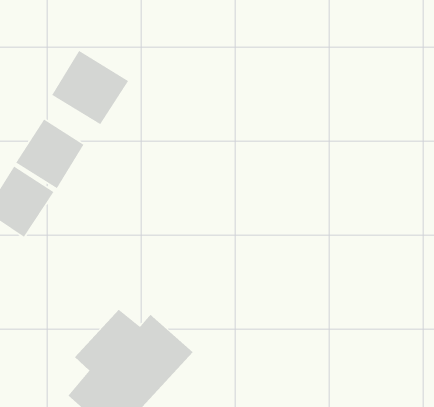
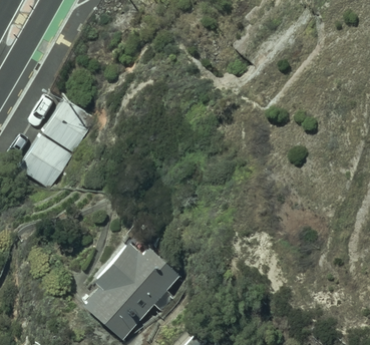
building: [51,50,129,125] -> none

